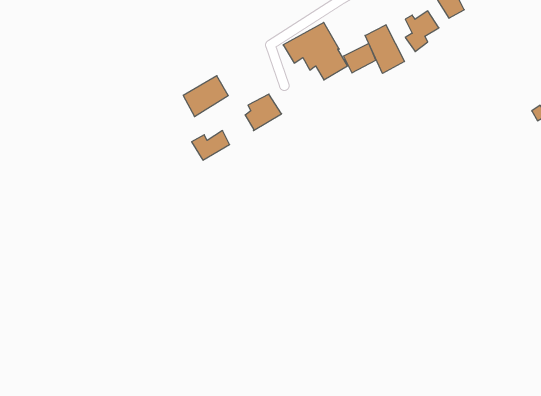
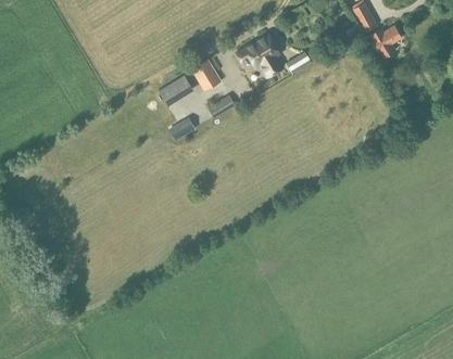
building: [405,11,439,52] -> [376,25,402,56]
building: [365,25,404,73] -> none
building: none -> [190,59,221,91]

